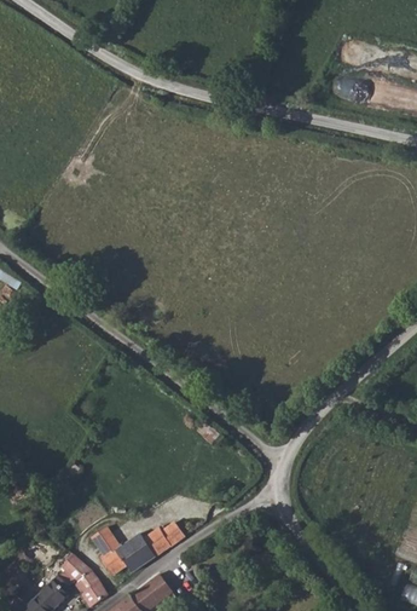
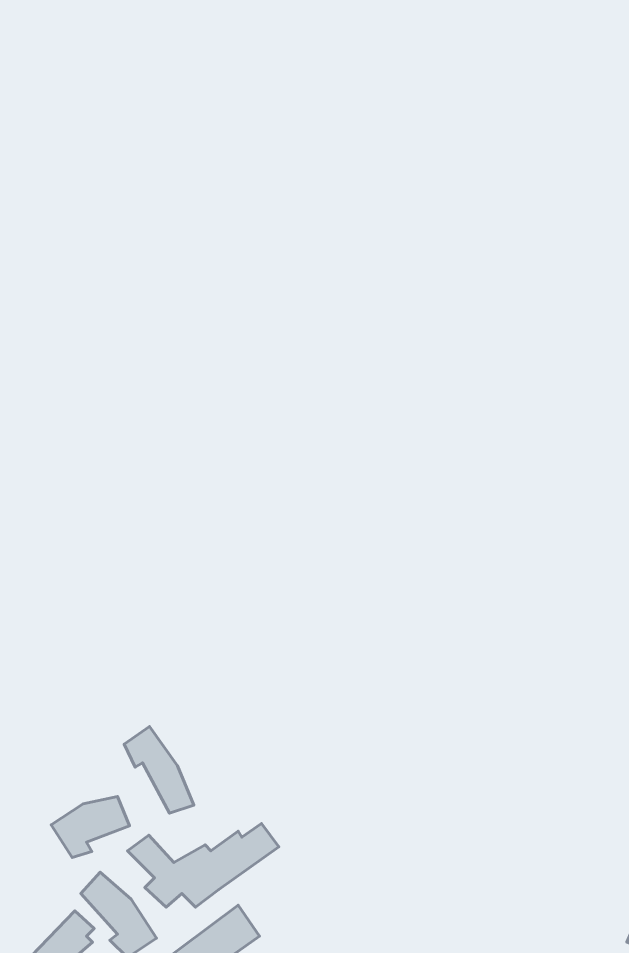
building: none -> [124,727,194,813]
building: none -> [51,797,129,858]

